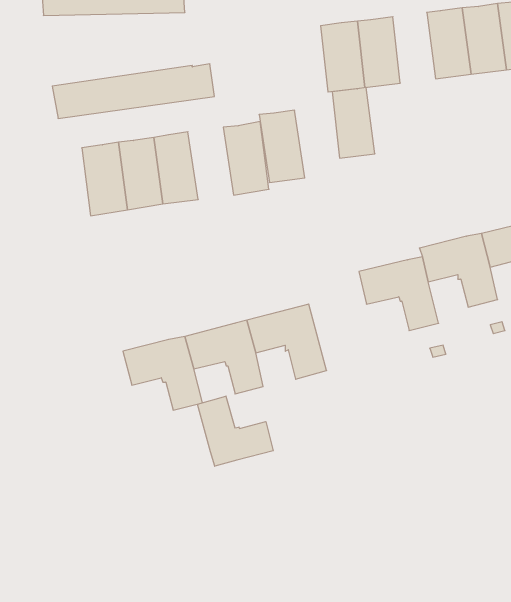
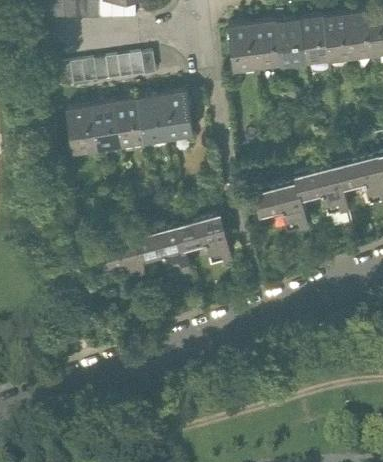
building: [332,87,375,158] -> [278,17,307,65]
building: [259,110,305,182] -> [139,95,170,144]
building: [198,396,273,466] -> none

